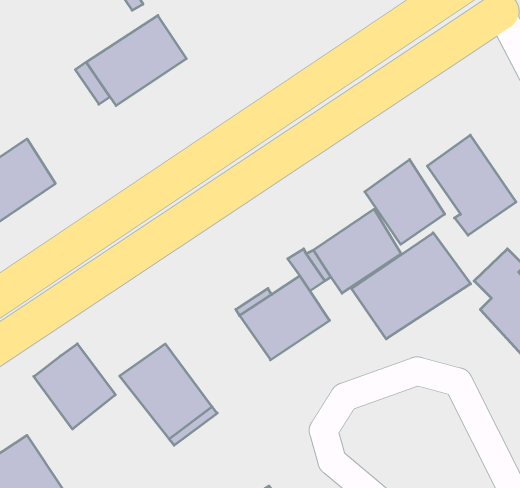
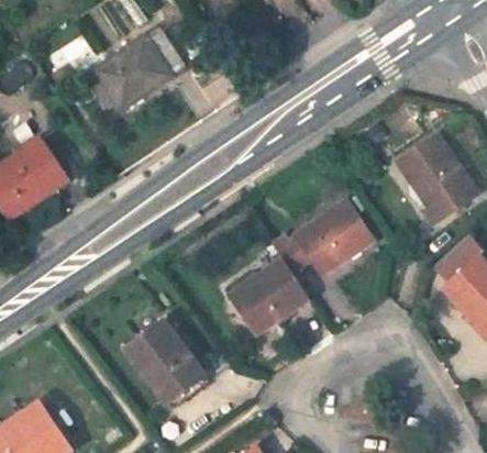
building: [365,159,445,244] -> none
building: [352,233,471,339] -> none
building: [34,344,115,429] -> none

